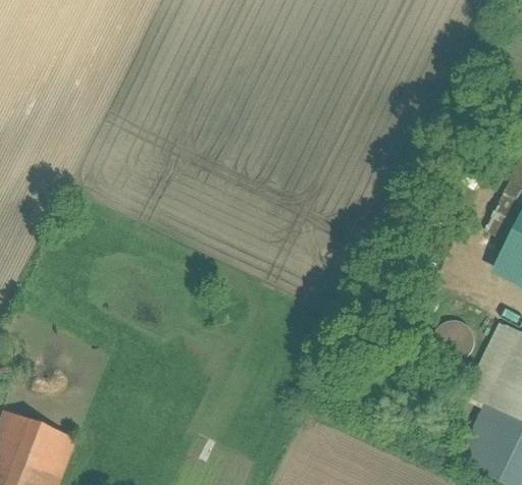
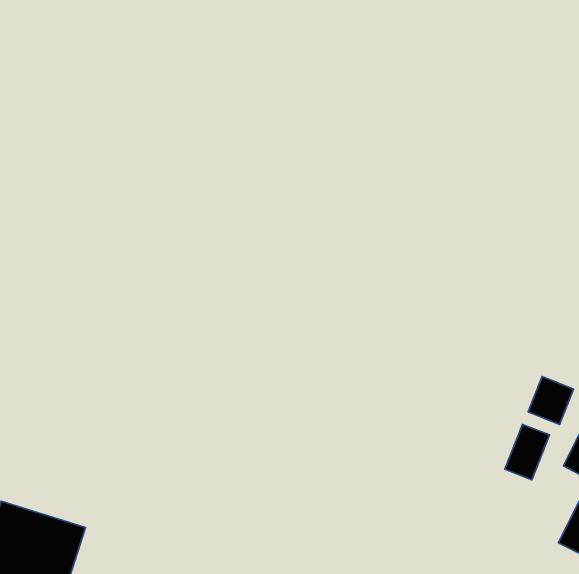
building: none -> [505,424,550,480]

